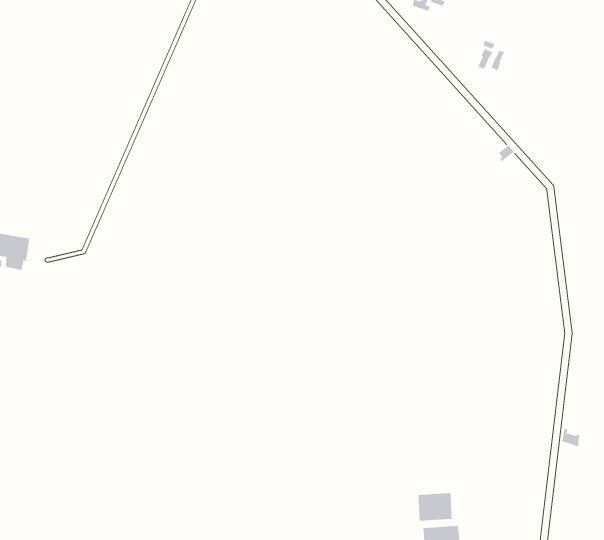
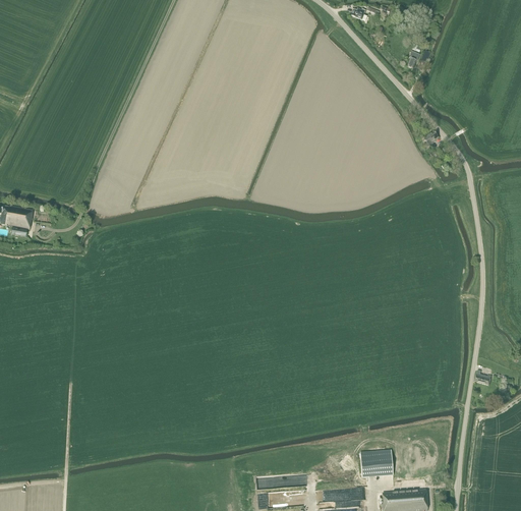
building: [417,492,453,522] -> none

